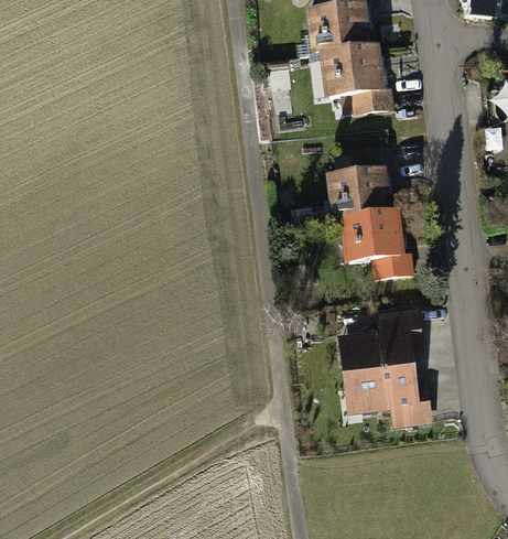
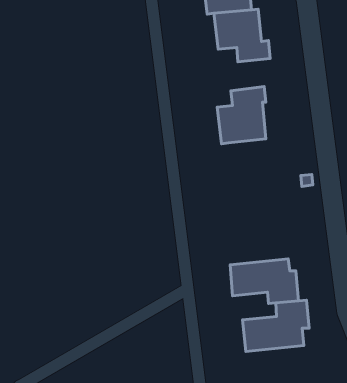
building: [341,212,414,281] -> none
building: [338,310,424,376] -> [243,300,309,351]

